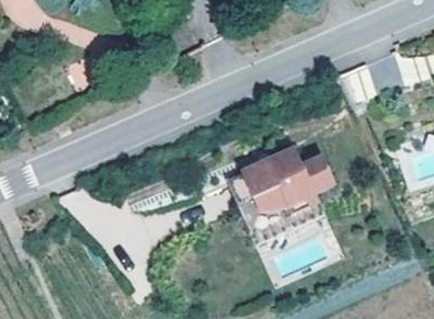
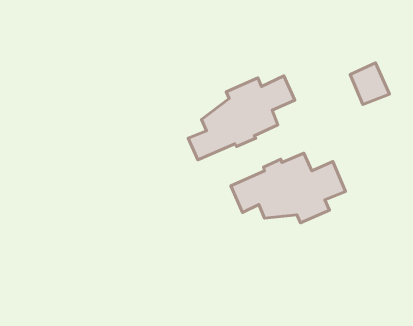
building: none -> [188,76,295,160]

